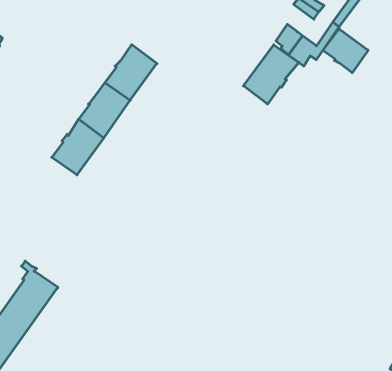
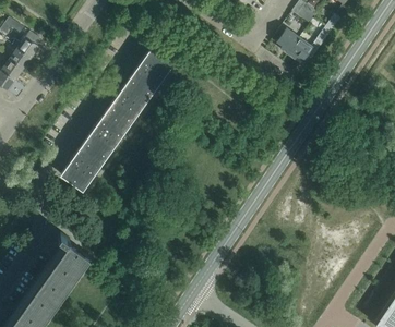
building: [323,29,368,73] -> none
building: [243,45,299,104] -> none
building: none -> [60,142,105,190]

